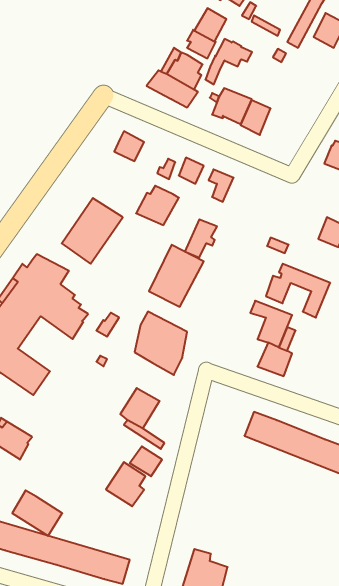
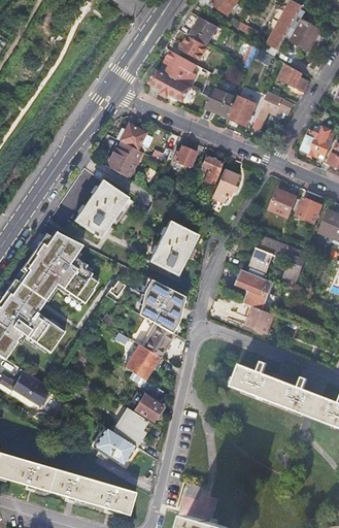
building: [205,39,252,84] -> [253,93,294,132]
building: none -> [279,65,308,91]
building: [136,186,179,225] -> [106,141,143,175]
building: none -> [270,190,298,218]
building: [185,219,217,258] -> [212,169,240,202]
building: none -> [141,323,174,357]
building: [12,490,62,536] -> [93,427,136,466]

